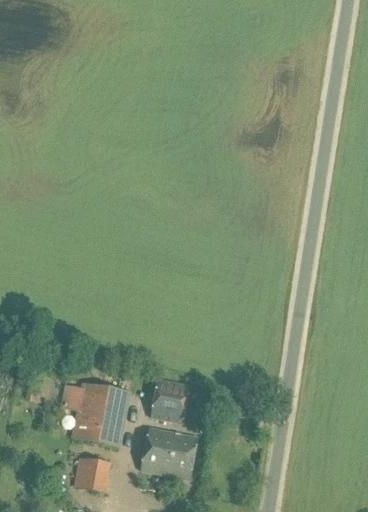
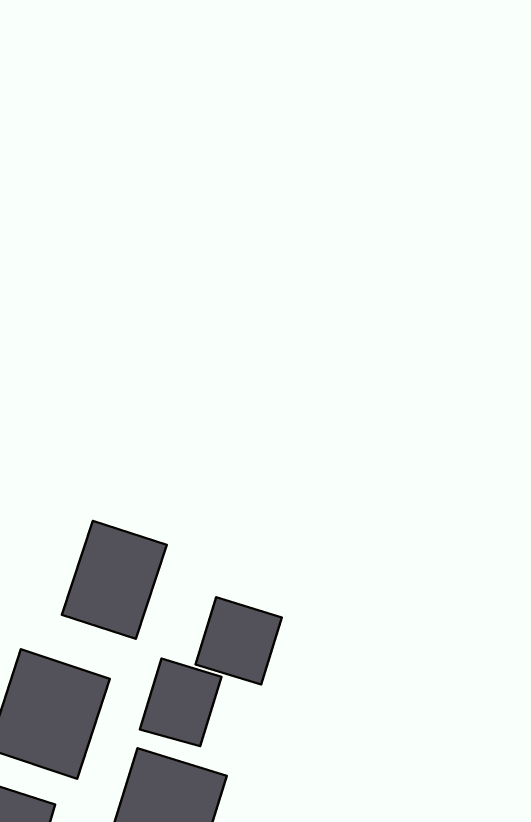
building: none -> [62,521,167,639]
building: none -> [195,597,282,685]

